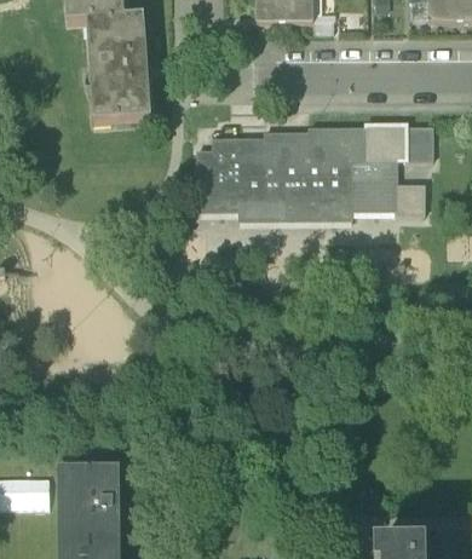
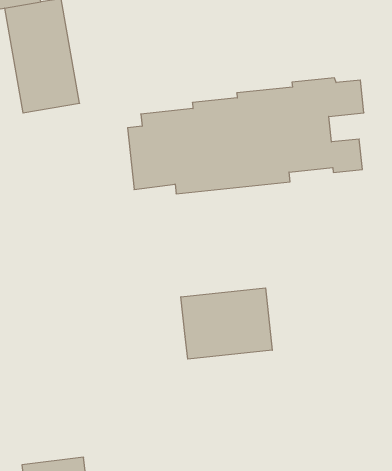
building: none -> [181,288,272,359]

